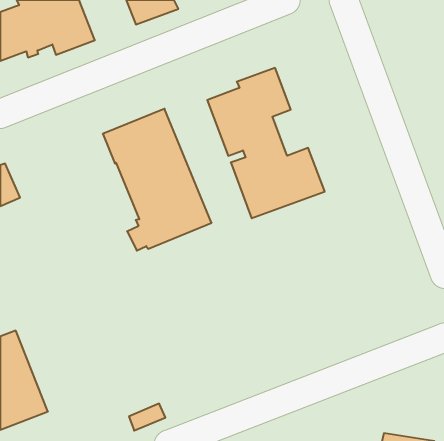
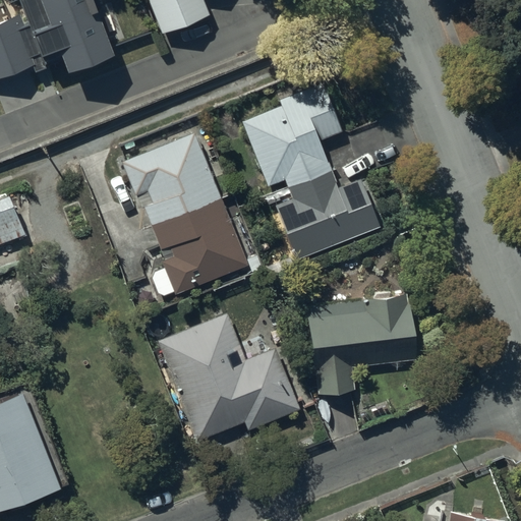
building: none -> [306,293,417,394]
building: none -> [158,311,299,440]

